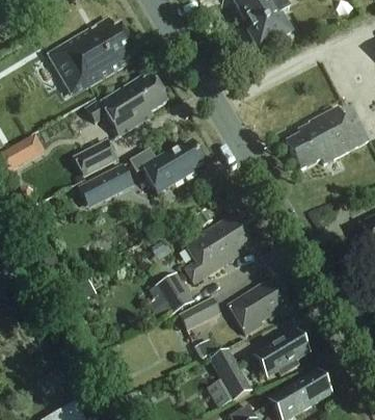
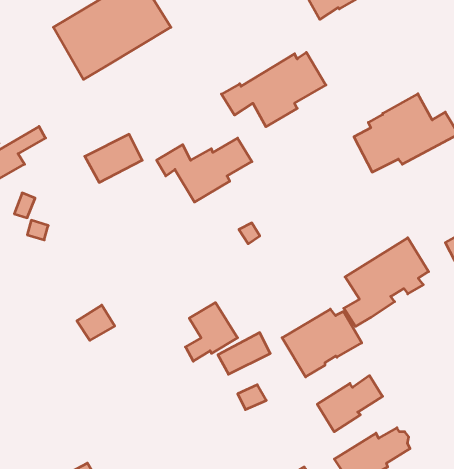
building: [85,73,168,132] -> [221,52,326,127]
building: [78,164,134,208] -> none
building: [185,211,252,282] -> [344,238,429,326]
building: [210,347,253,400] -> none

